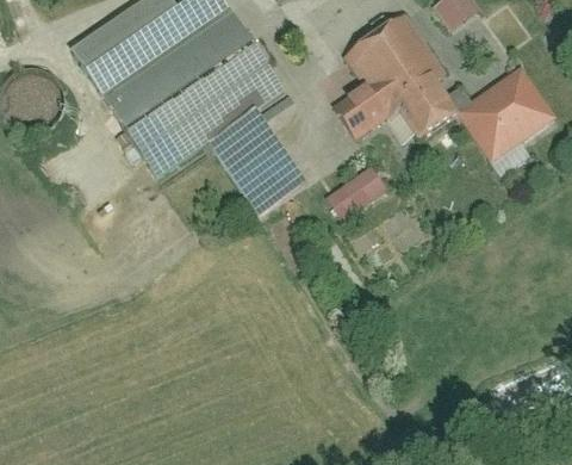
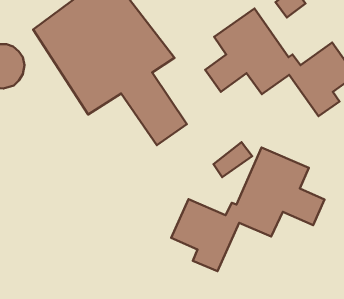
building: [328,166,385,217] -> [213,142,252,177]
building: none -> [171,148,325,271]

